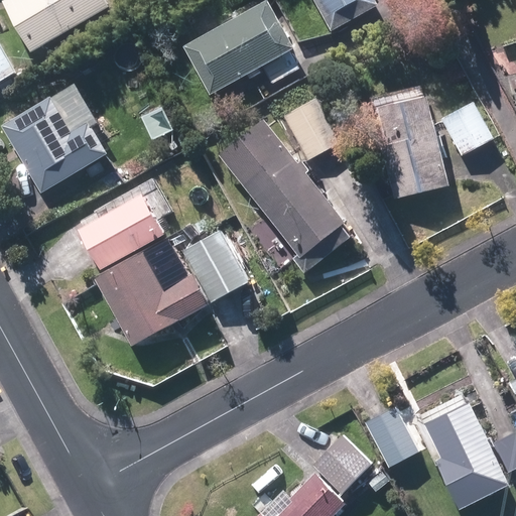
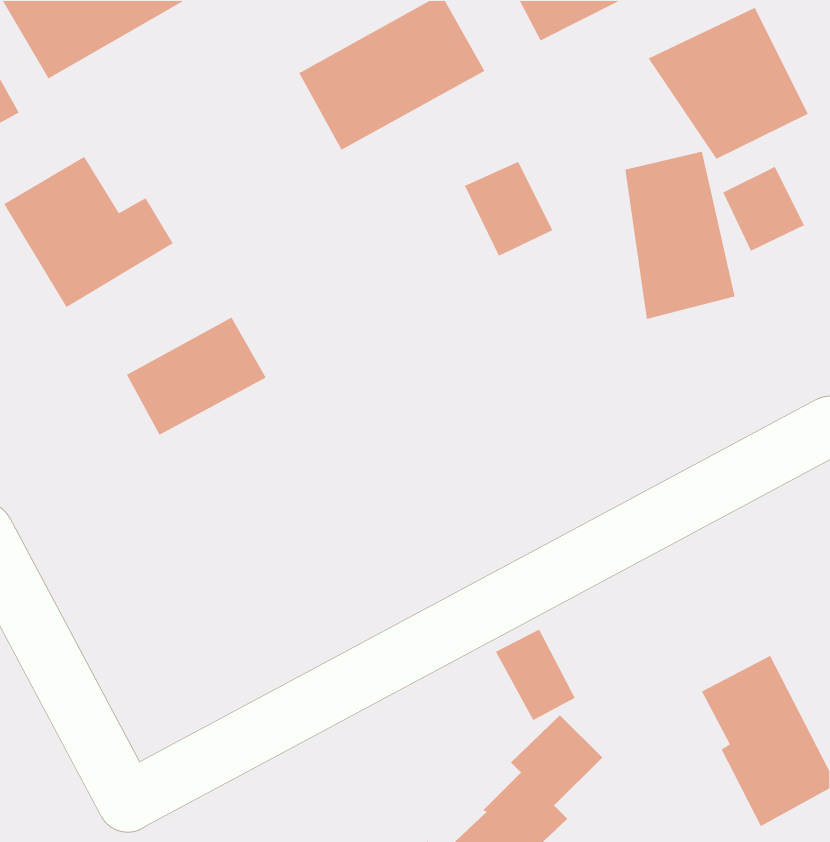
building: none -> [648,7,809,160]
building: [220,119,348,271] -> none
building: [94,233,245,345] -> none
building: [364,408,413,465] -> [495,628,576,721]

